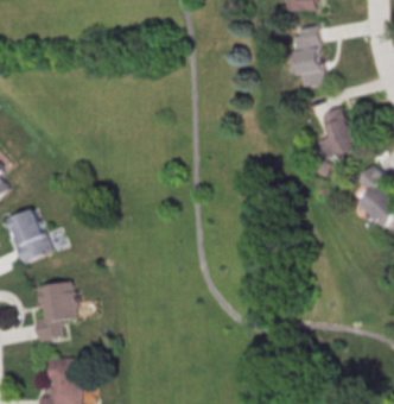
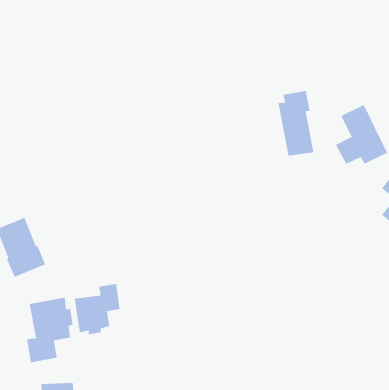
building: [290,26,323,86] -> [277,91,314,156]
building: none -> [74,283,120,335]

